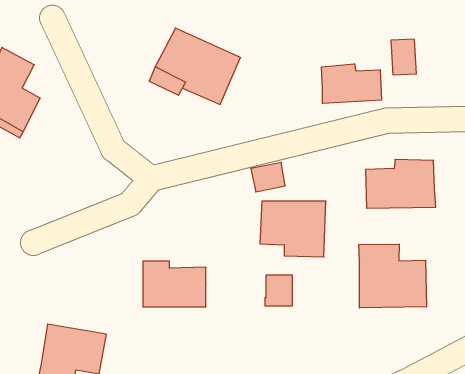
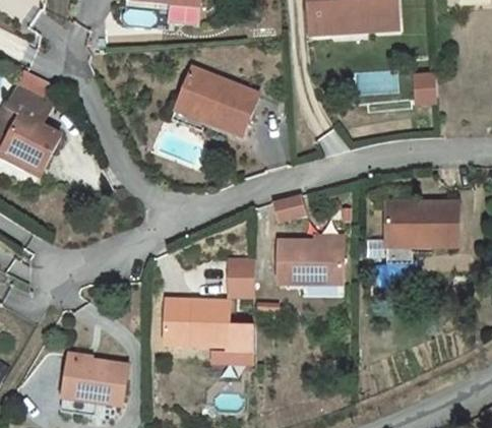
building: [322,64,381,104] -> none
building: none -> [225,254,251,291]
building: [359,244,426,308] -> none
building: [265,275,292,306] -> [225,320,252,351]

